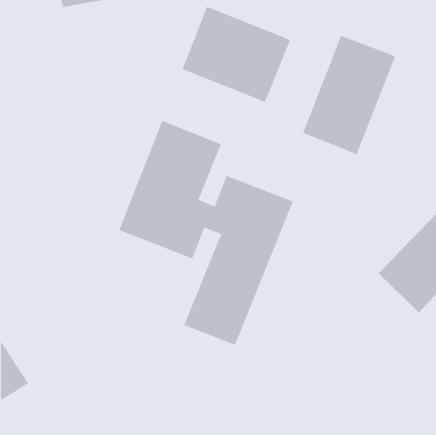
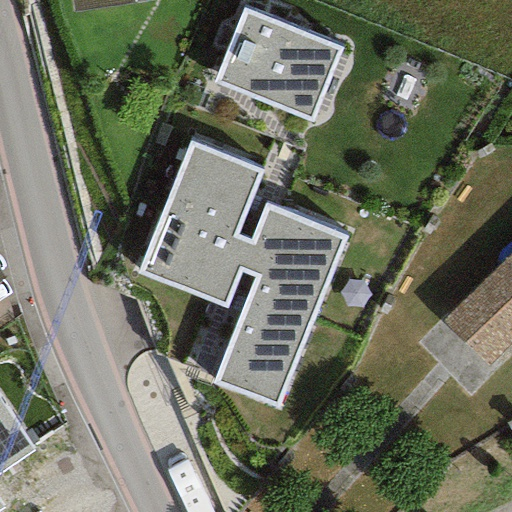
building: [302,35,396,155] -> none

